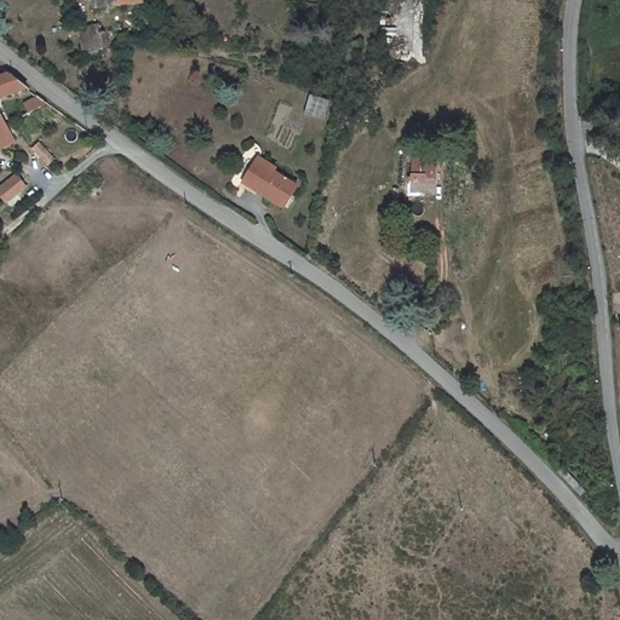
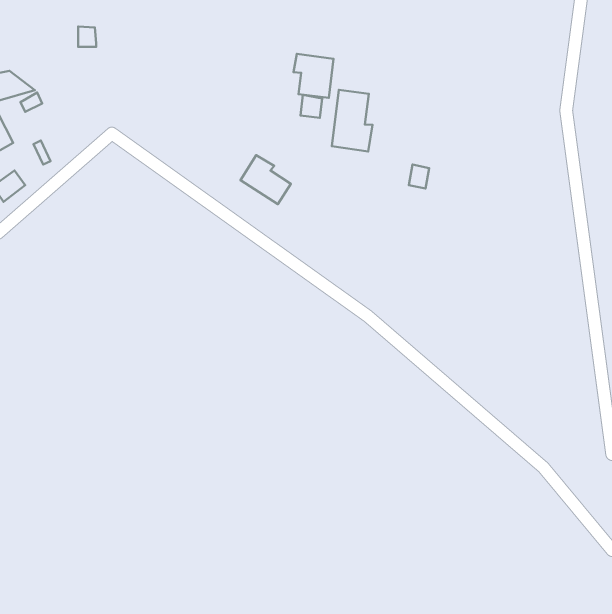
building: none -> [294,54,334,98]
building: none -> [332,90,372,151]

